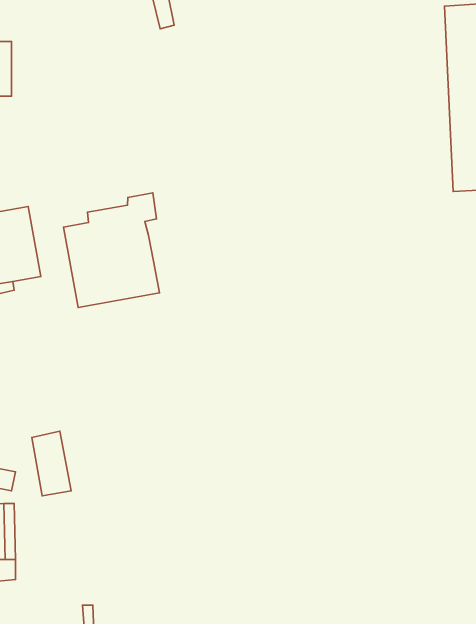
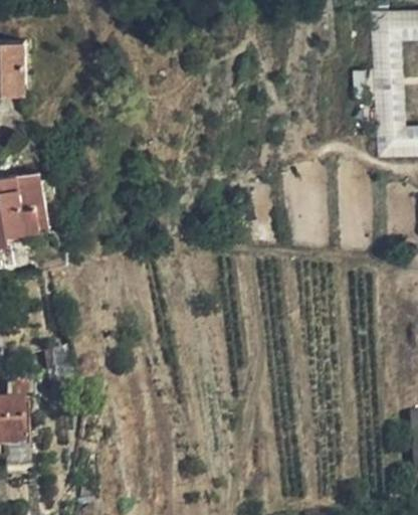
building: [63,193,159,308] -> none

